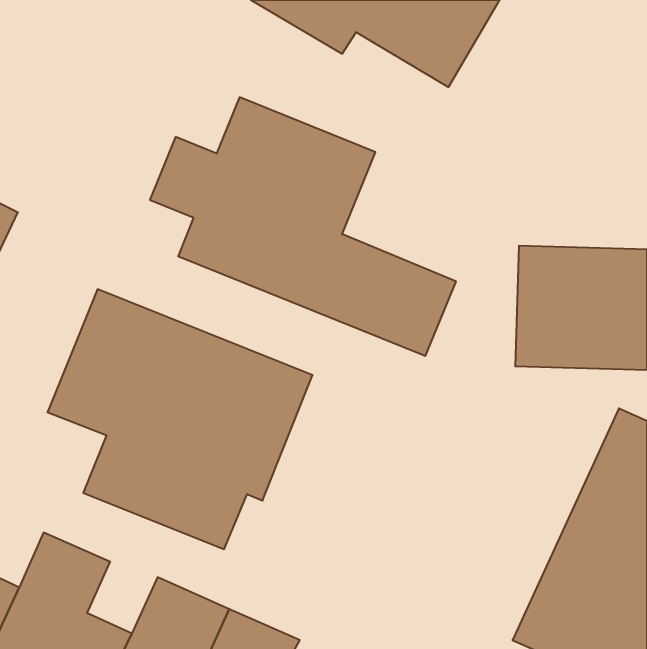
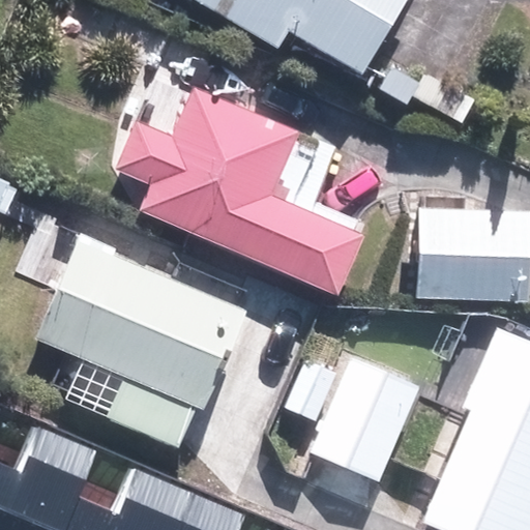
building: none -> [301,359,413,488]

